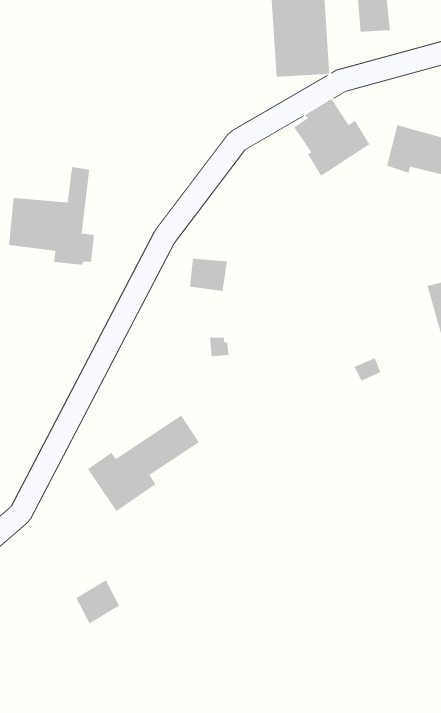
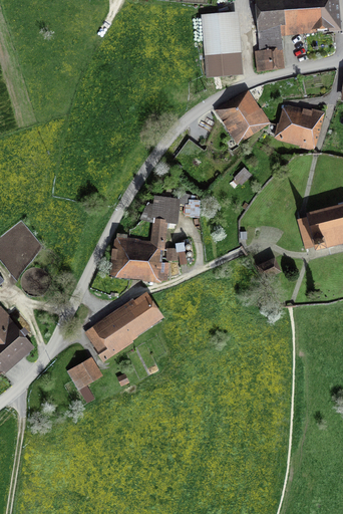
building: none -> [256,49,279,69]
building: [8,166,95,266] -> [112,218,168,282]
building: [75,579,120,624] -> [69,359,98,389]

